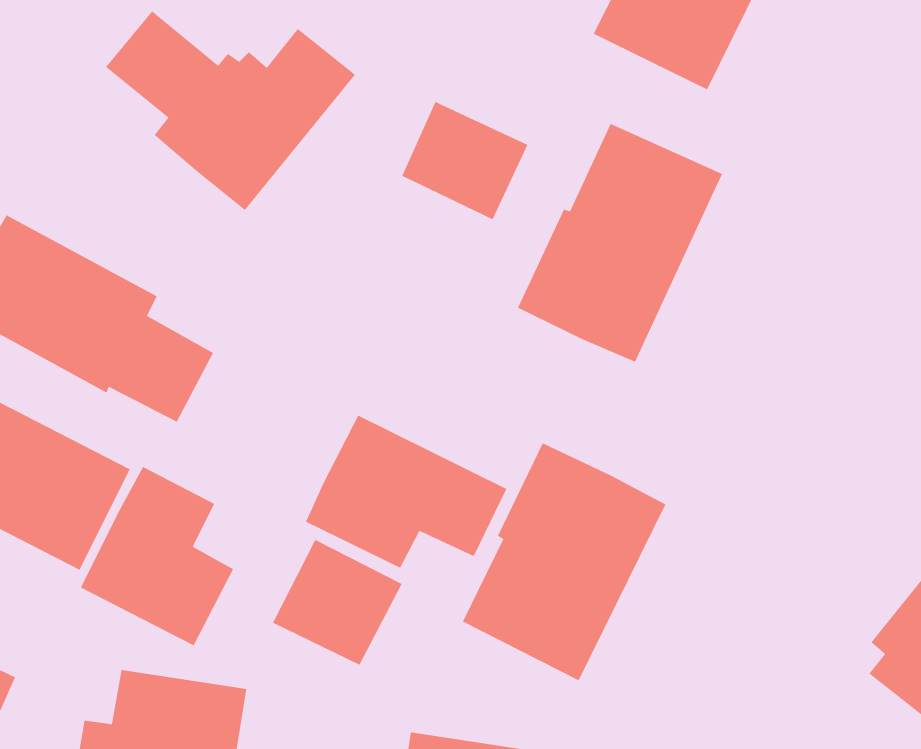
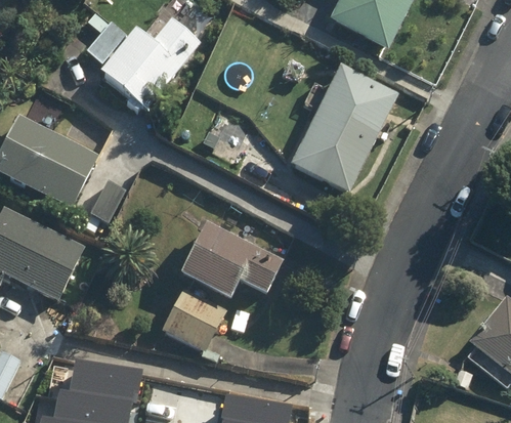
building: [401,101,528,220] -> none
building: [462,443,666,681] -> none
building: [80,466,234,646] -> none

